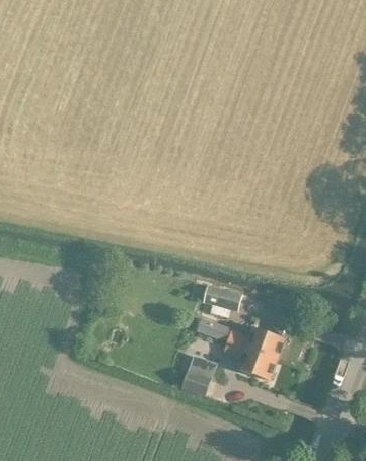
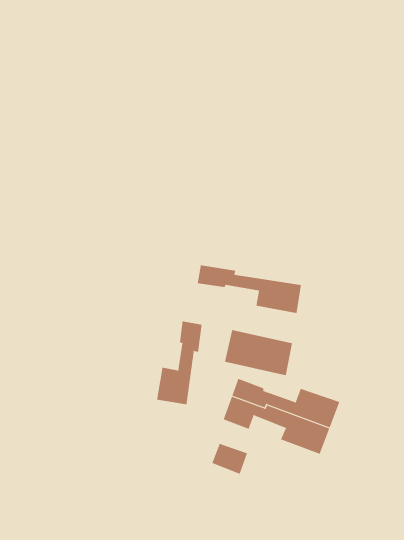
building: none -> [197,265,301,314]
building: none -> [156,321,202,405]

